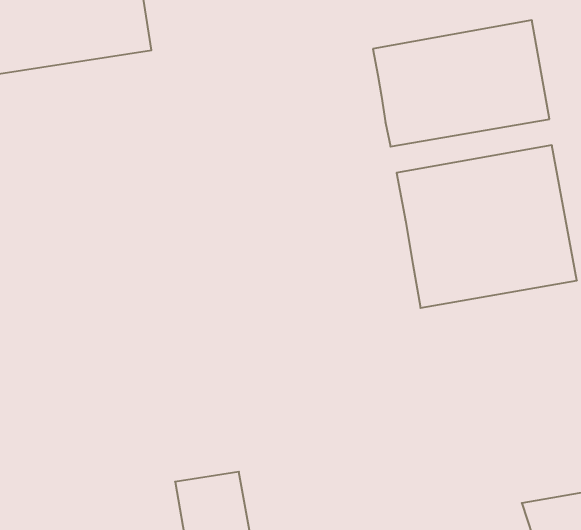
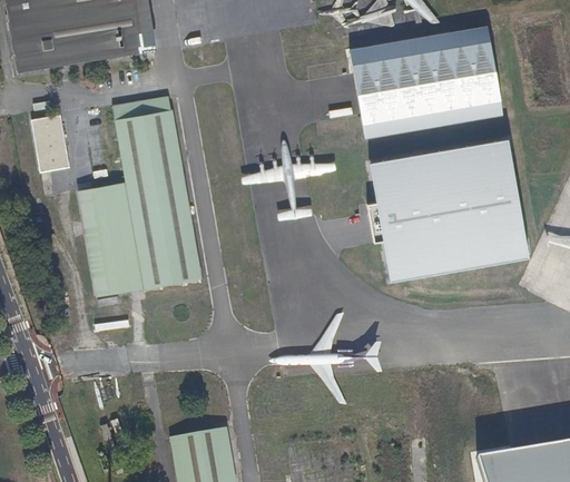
building: none -> [78,97,203,296]
building: none -> [31,115,70,173]

